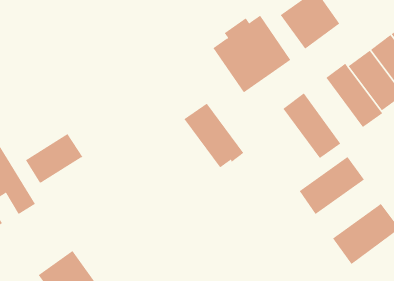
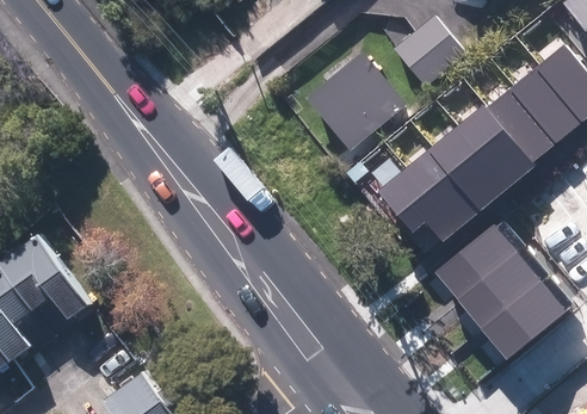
building: none -> [431,125,508,208]
building: [184,103,244,168] -> [376,168,456,251]
building: [25,133,83,183] -> none
building: none -> [455,252,538,329]

